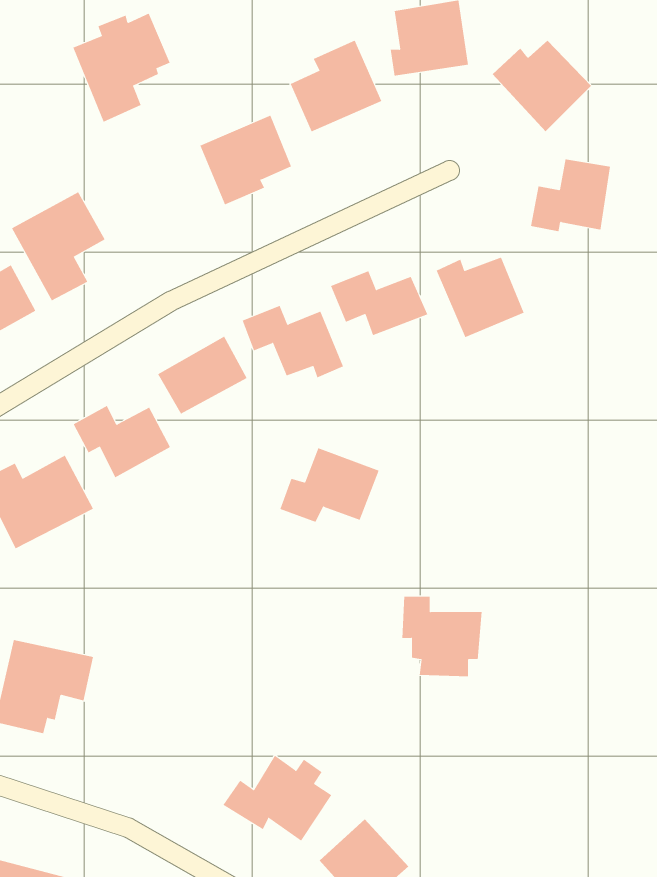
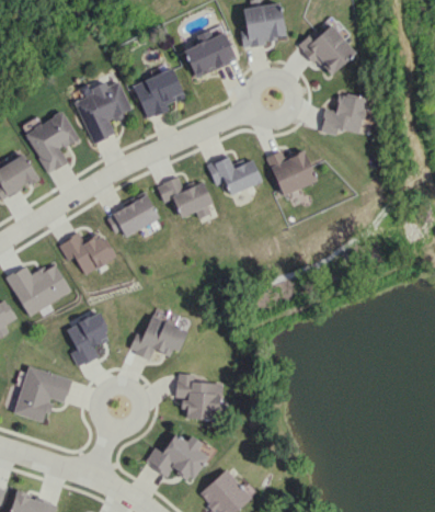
building: [72,13,170,122] -> [75,81,130,144]
building: [279,448,379,523] -> [128,316,185,359]
building: none -> [66,312,111,366]
building: [402,596,482,677] -> [175,374,221,420]

